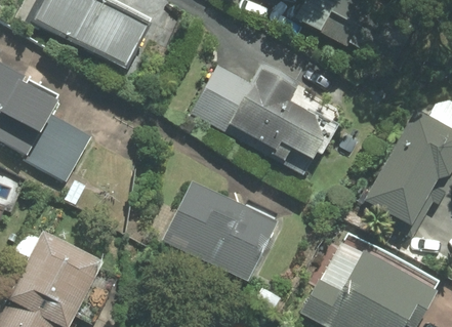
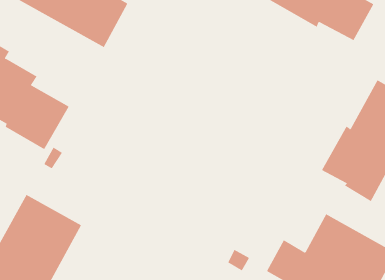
building: [189,59,325,175] -> none
building: [162,177,280,282] -> none

